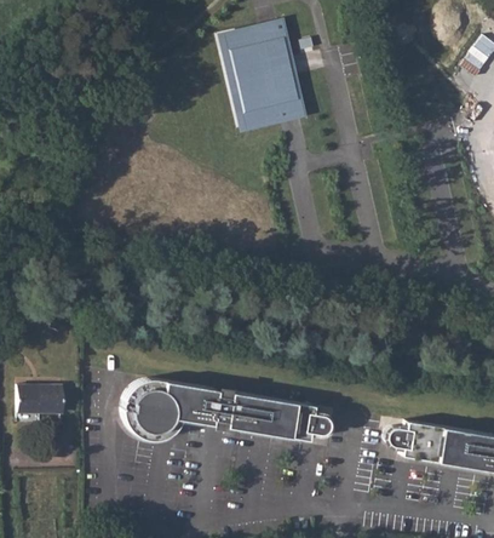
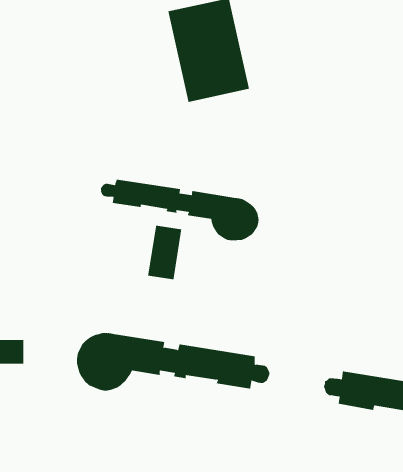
building: none -> [100,179,259,241]
building: none -> [148,225,182,280]

